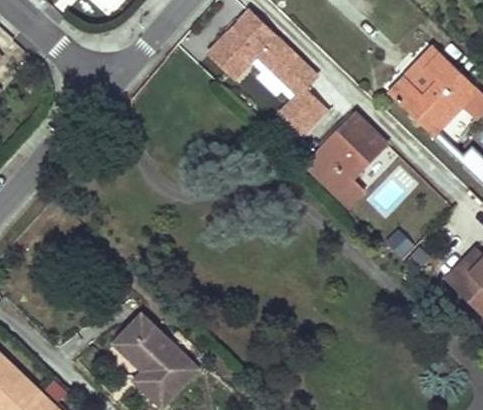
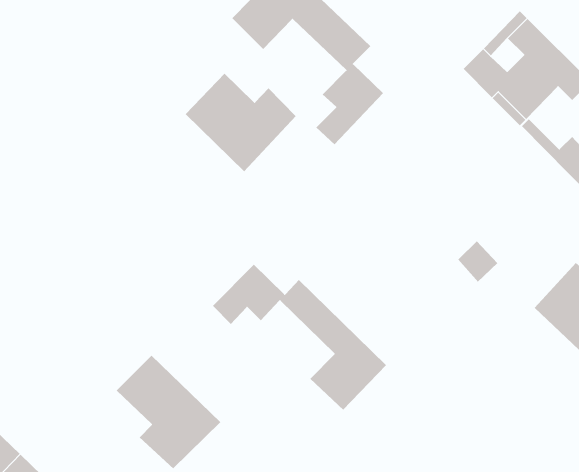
building: none -> [185,73,296,172]
building: [305,114,393,206] -> none
building: none -> [212,264,387,410]

